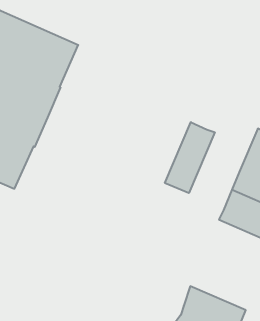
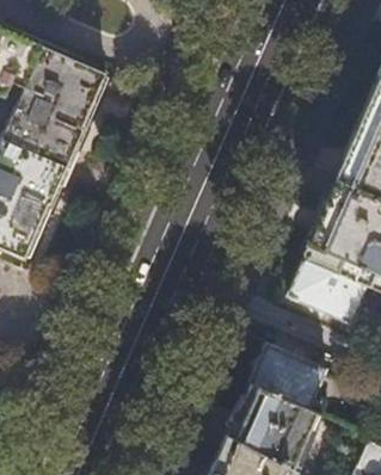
building: [165,122,215,193] -> none
building: none -> [252,346,330,415]

